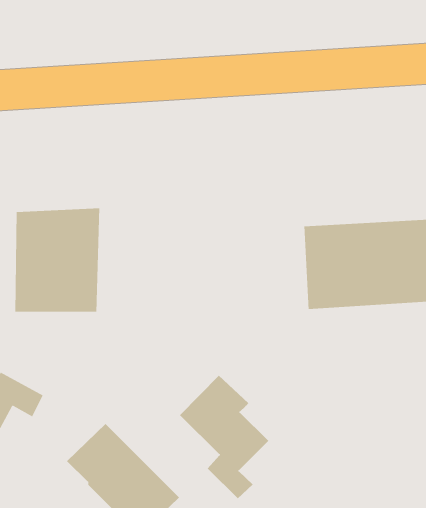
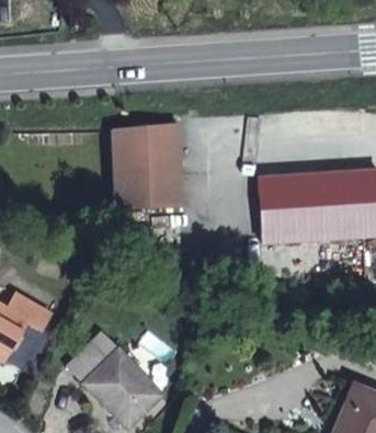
building: [14,207,100,312] -> [112,121,179,203]
building: [179,375,269,499] -> none

